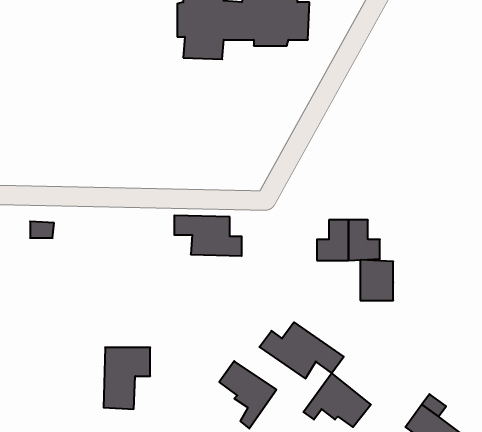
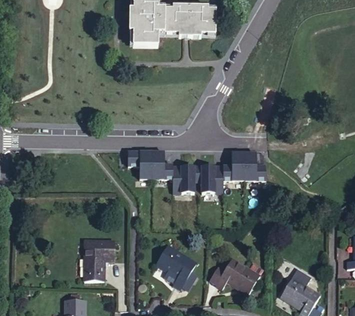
building: none -> [172,165,194,192]
building: [360,260,393,300] -> [200,165,222,192]
building: [259,322,344,379] -> none

